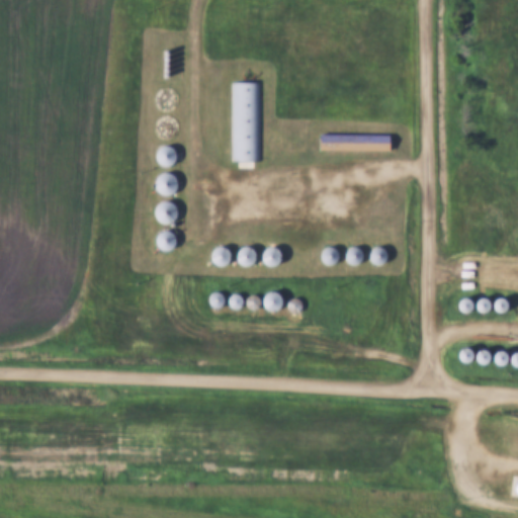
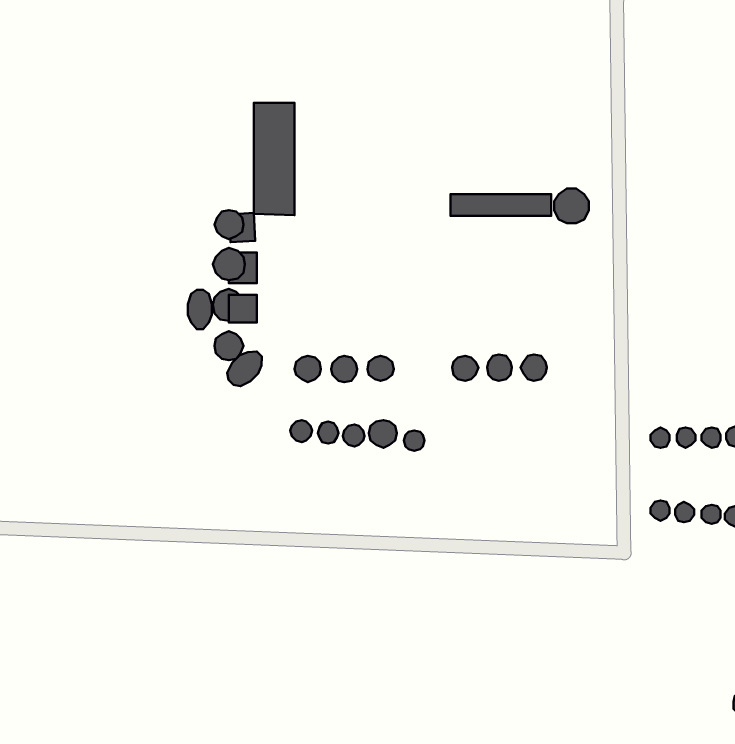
building: [233,84,261,162] -> [254,103,295,215]
building: none -> [554,188,589,223]
building: none -> [188,290,212,329]
building: none -> [227,352,262,386]

